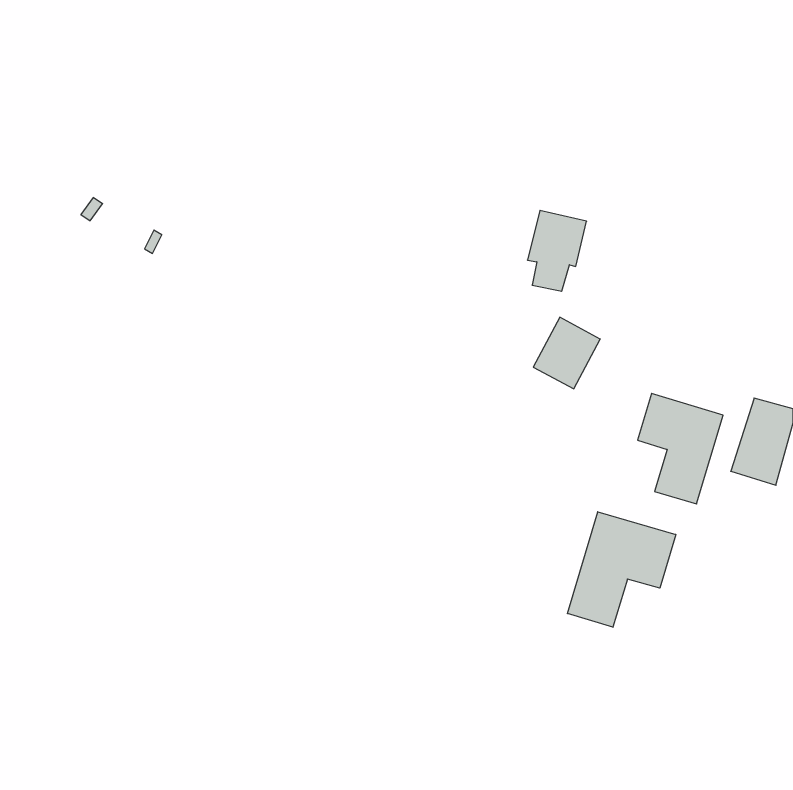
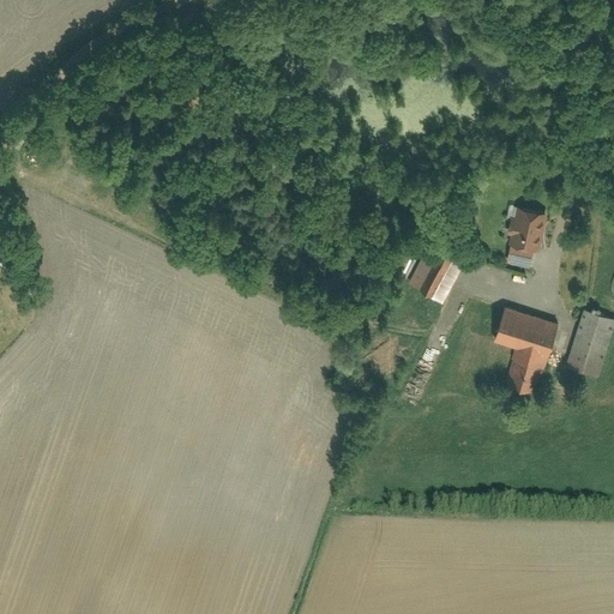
building: [527,210,587,291] -> [501,207,547,270]
building: [567,512,676,627] -> none

